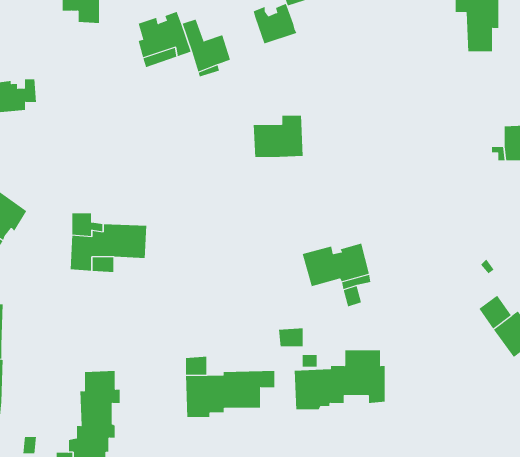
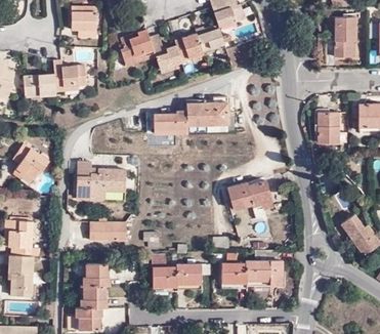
building: none -> [175,34,204,61]
building: none -> [53,60,86,91]
building: none -> [154,103,197,131]
building: none -> [318,113,338,142]
building: none -> [90,221,127,240]

